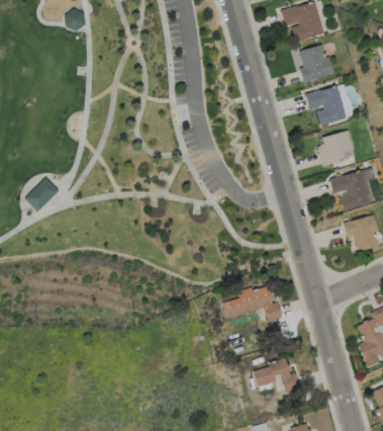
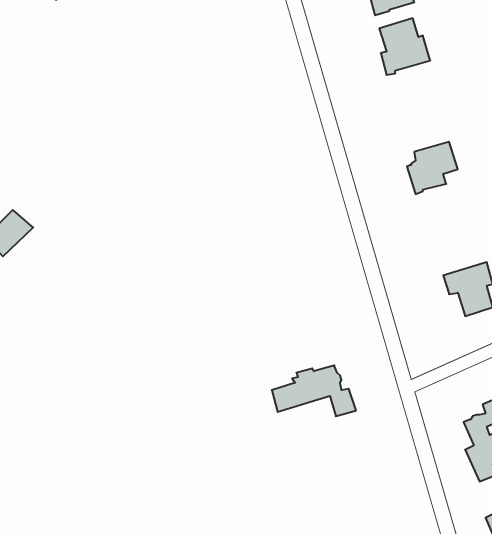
building: [305,85,346,124] -> none
building: [328,170,370,209] -> none
building: [253,357,300,393] -> none

